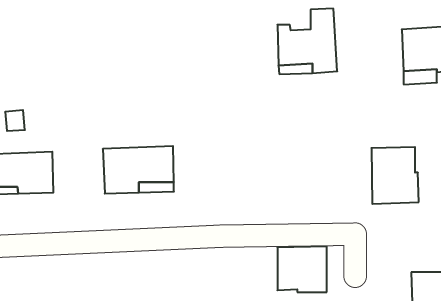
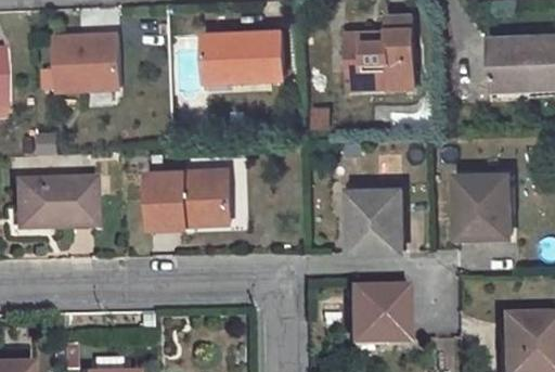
building: none -> [204,30,284,80]
building: none -> [53,34,120,88]
building: none -> [348,189,402,252]

